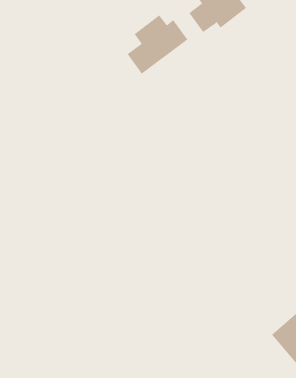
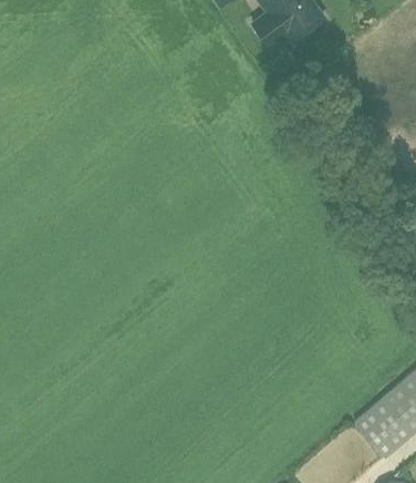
building: [127,15,188,75] -> none

